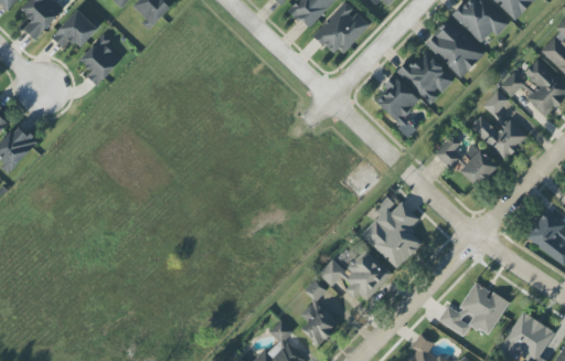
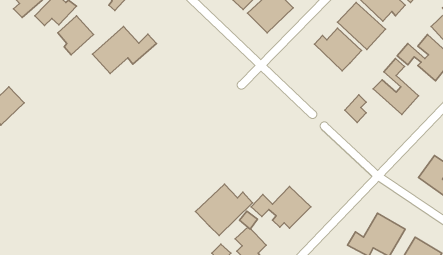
building: none -> [93,26,157,73]
building: [374,77,420,137] -> none
building: [460,150,498,188] -> none
building: [362,197,424,268] -> none
building: none -> [196,184,253,236]

